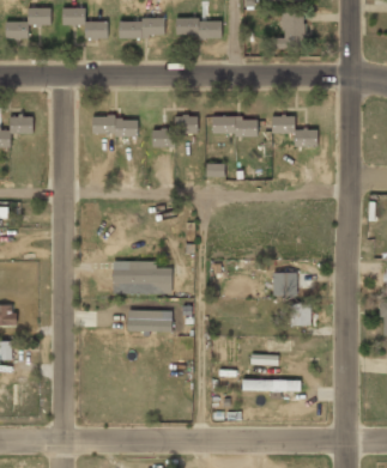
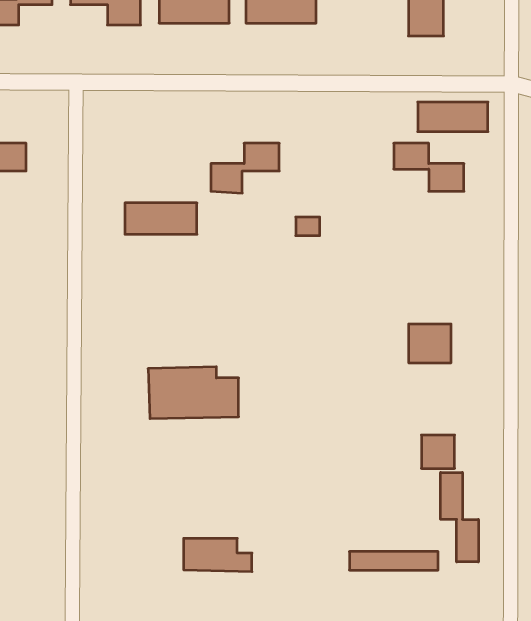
building: [211,116,256,135] -> [418,102,488,132]
building: [91,117,138,138] -> [125,203,197,234]
building: [271,273,298,298] -> [409,324,451,363]
building: [127,310,171,332] -> [184,538,252,572]
building: none -> [441,472,478,562]

